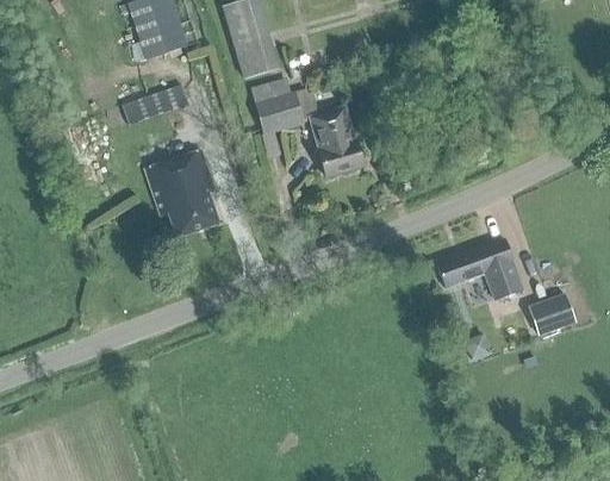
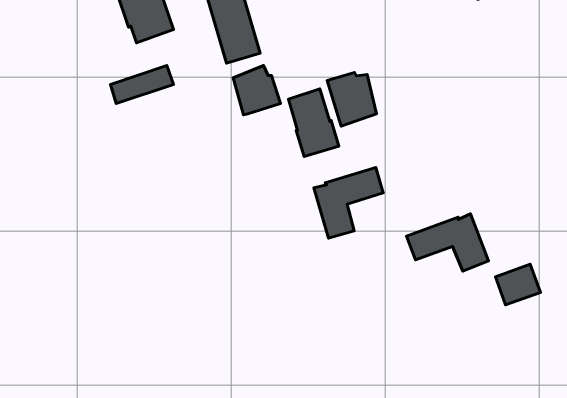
building: none -> [327,72,376,126]
building: [145,152,218,239] -> none
building: none -> [314,168,383,238]

